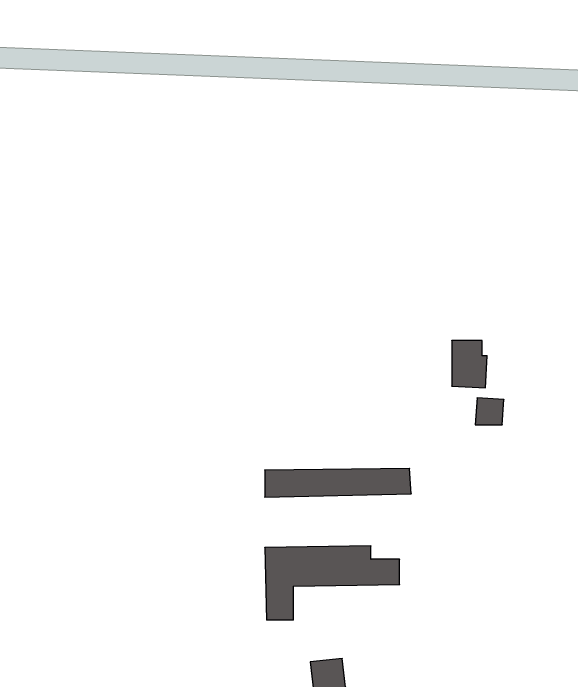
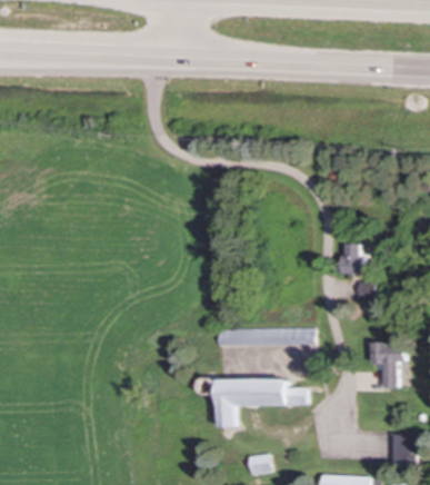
building: none -> [370,344,406,388]
building: none -> [391,434,416,465]

